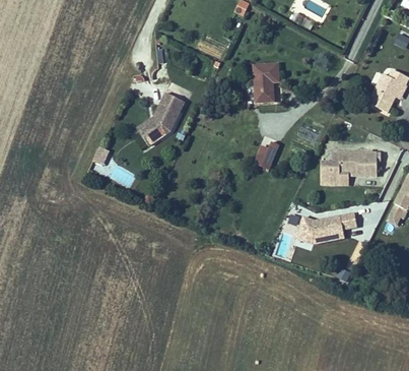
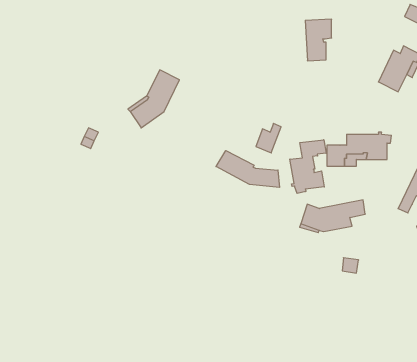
building: [254,63,278,102] -> [305,19,332,61]
building: none -> [290,140,326,193]
building: none -> [216,151,280,187]

